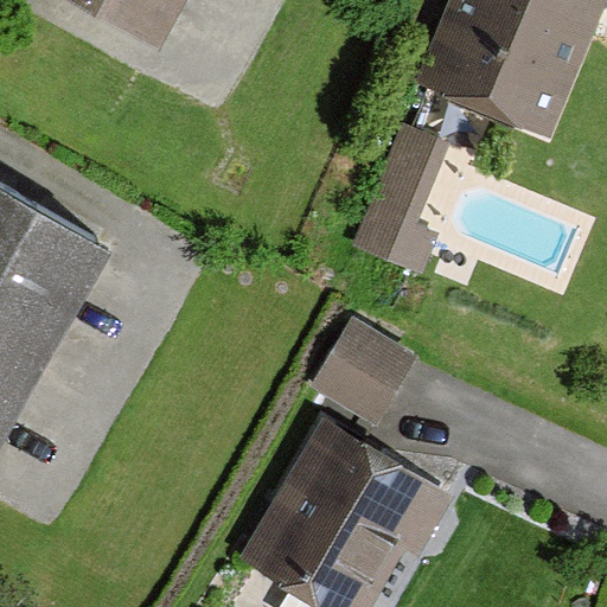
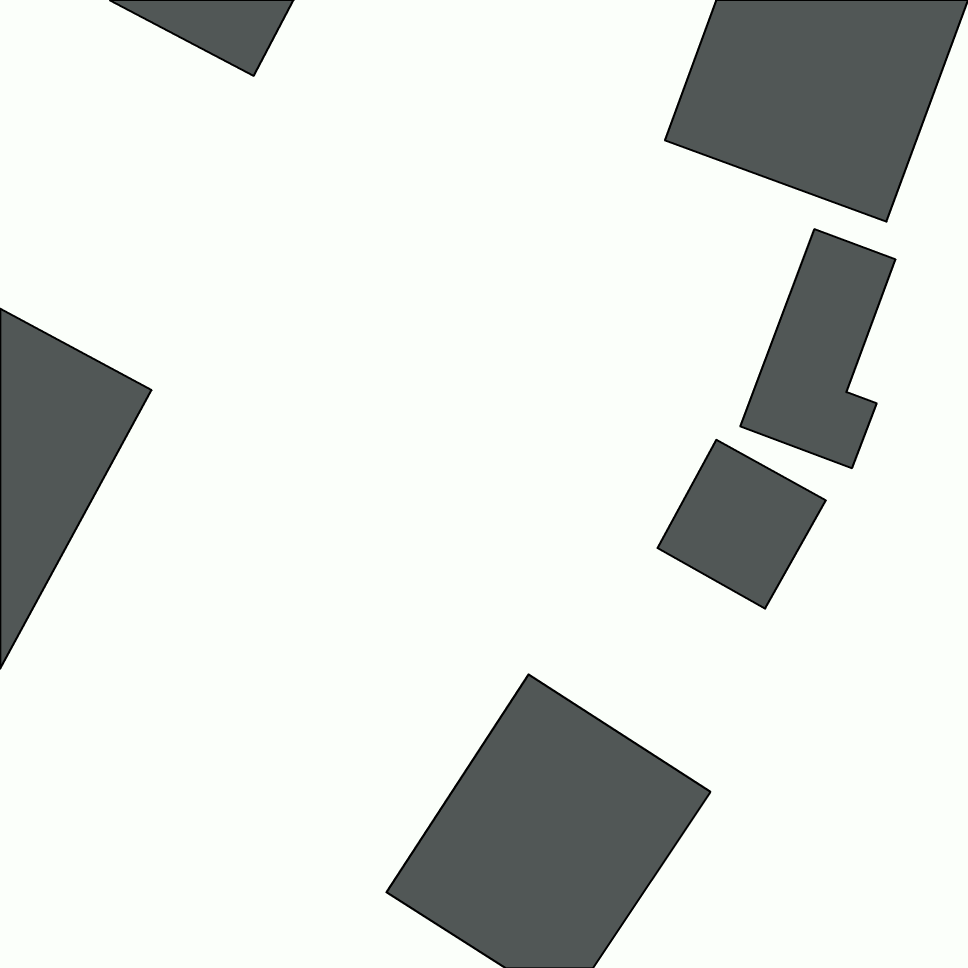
building: [358,108,455,257] -> [740,229,896,468]
building: [309,321,415,427] -> [657,440,826,609]

